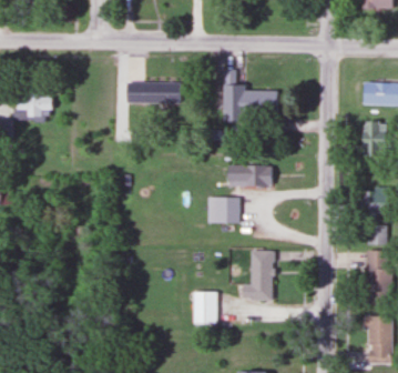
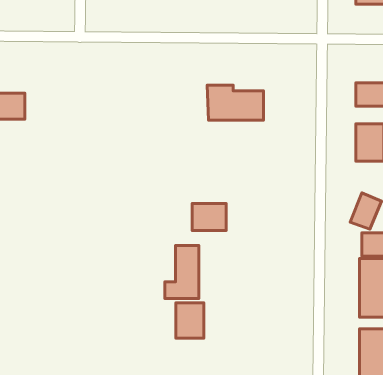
building: [125,81,178,102] -> none
building: [226,165,273,185] -> none
building: [241,250,273,300] -> [165,246,199,298]

